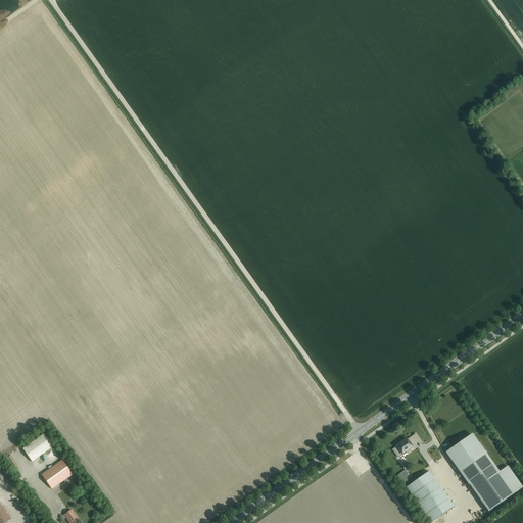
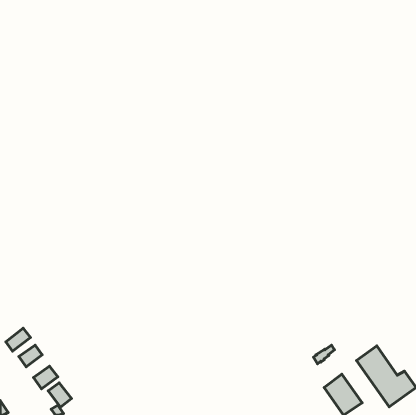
building: none -> [6,328,30,351]
building: none -> [48,383,72,407]

